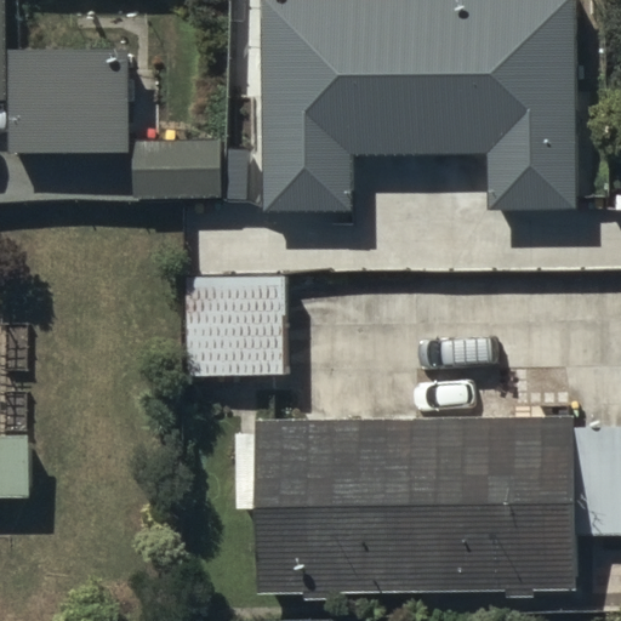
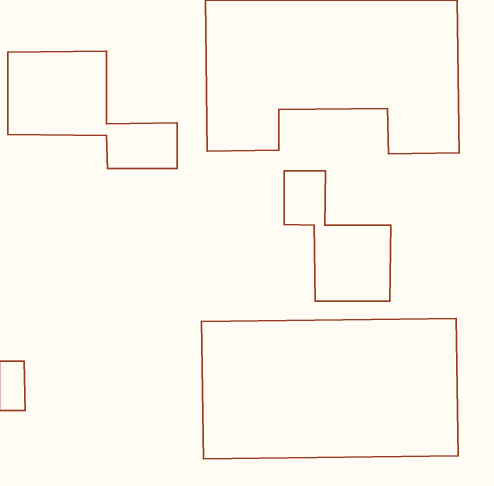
building: none -> [284,171,391,301]
building: [187,297,286,403] -> none

